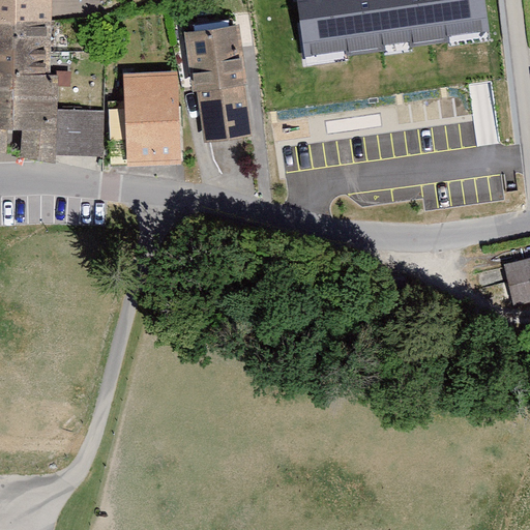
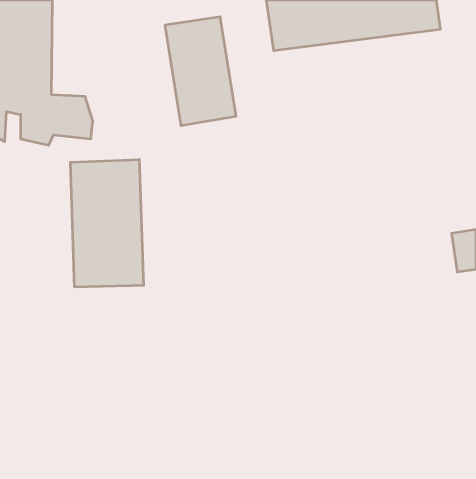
building: [121,67,183,163] -> none
building: none -> [70,159,144,287]

